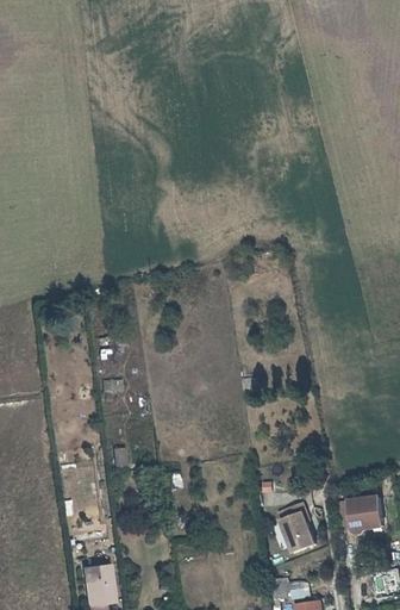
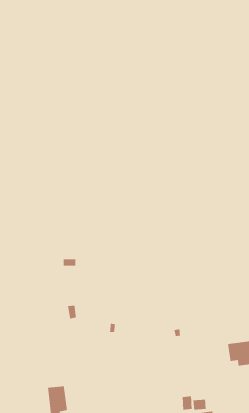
building: [280,505,311,544] -> none

